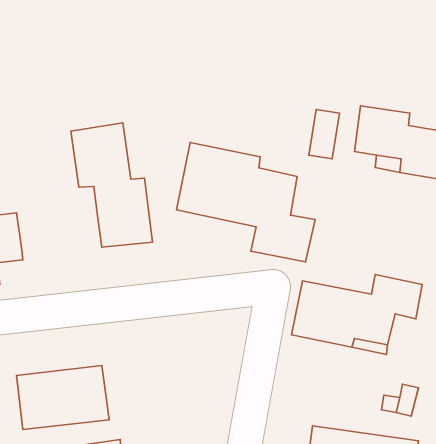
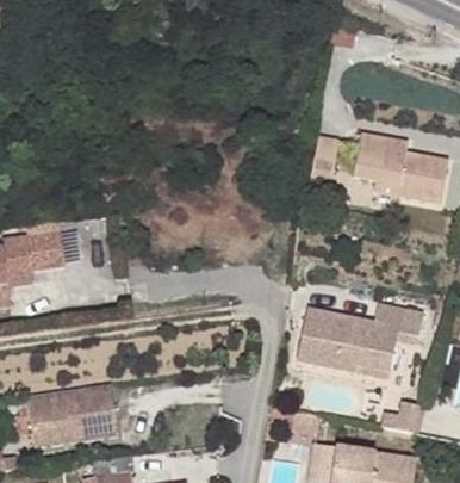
building: [71,123,152,247] -> none
building: [176,143,315,262] -> none
building: none -> [29,231,67,270]

